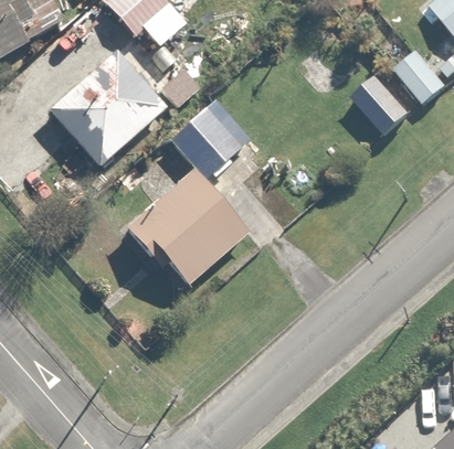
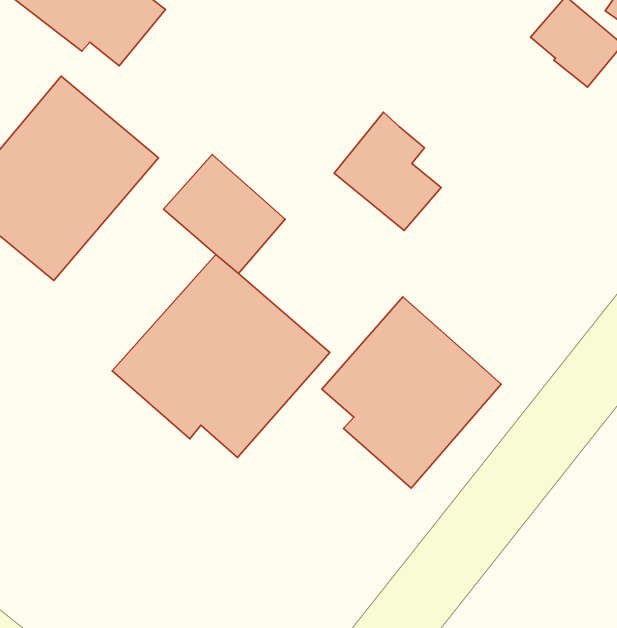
building: [353,64,413,133] -> [334,112,441,231]
building: none -> [322,297,501,488]

